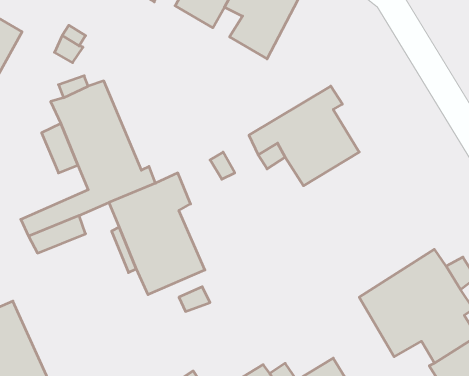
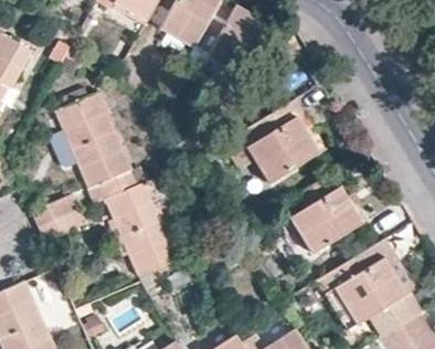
building: none -> [290,176,362,252]

